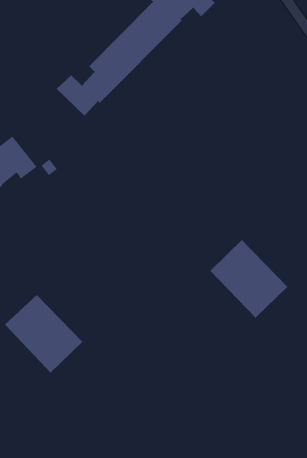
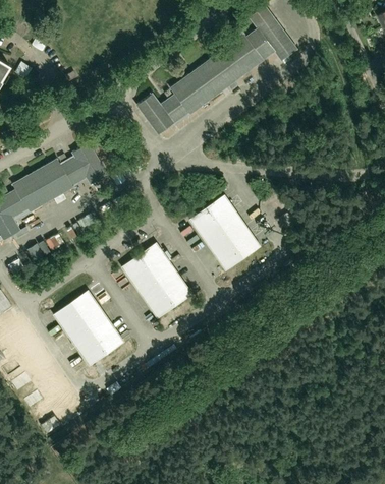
building: none -> [121,242,191,318]
building: [209,239,288,318] -> [189,195,260,270]

